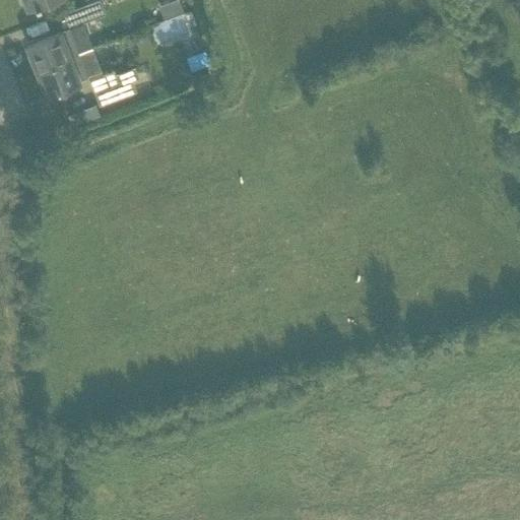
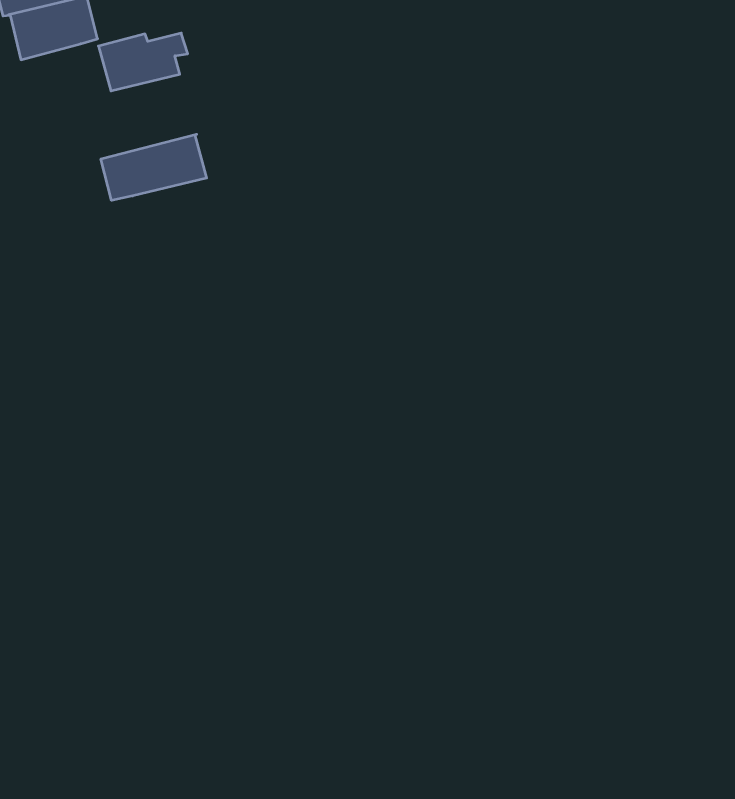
building: none -> [101,134,207,200]

